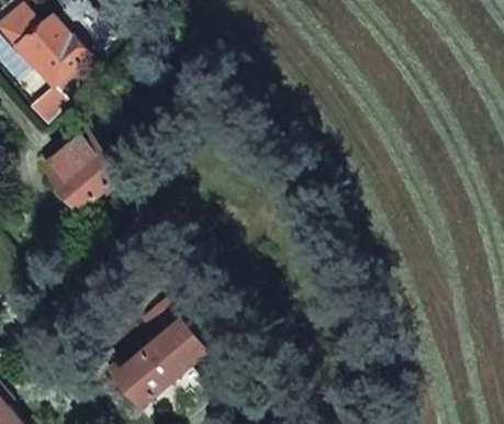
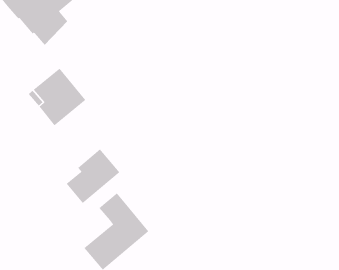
building: none -> [66,148,120,204]

